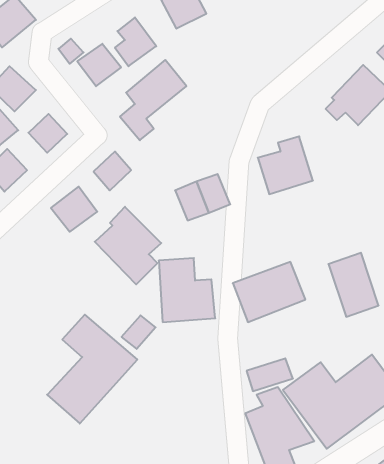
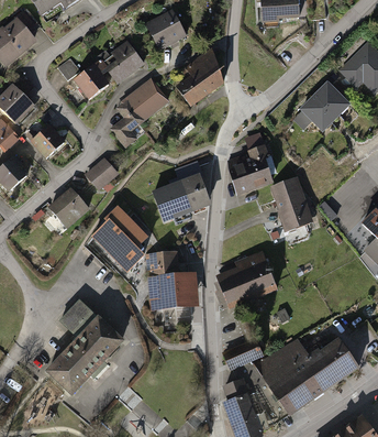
building: none -> [179,51,229,107]
building: [328,253,379,317] -> [271,176,315,232]
building: [122,315,156,349] -> none

